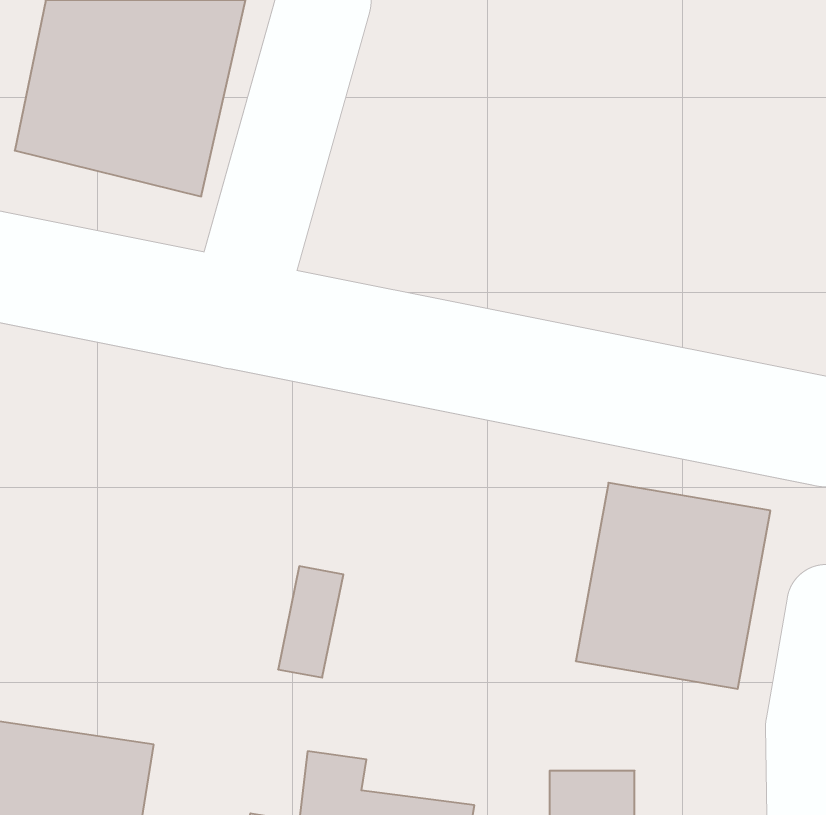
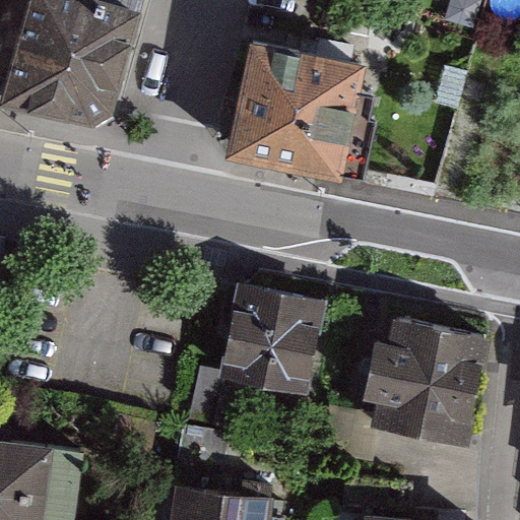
building: none -> [225,60,359,195]
building: none -> [221,281,320,377]

